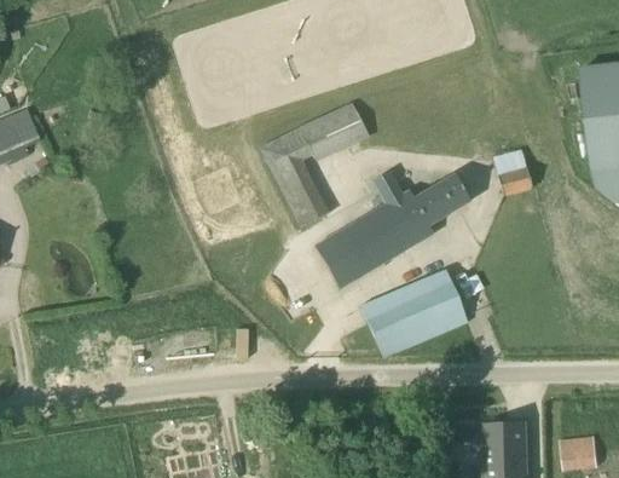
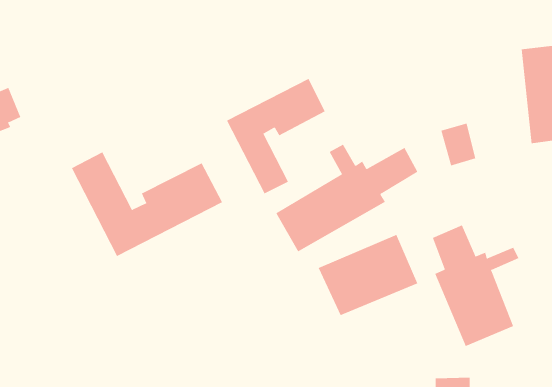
building: none -> [71,151,223,257]
building: none -> [432,224,519,347]

